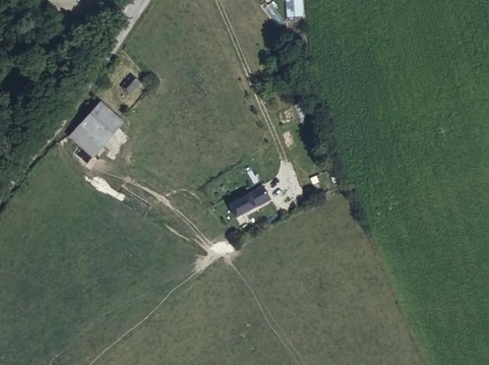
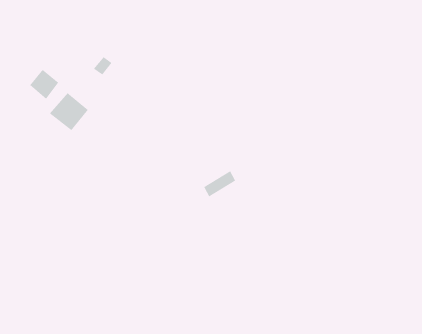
building: none -> [29,69,59,100]

